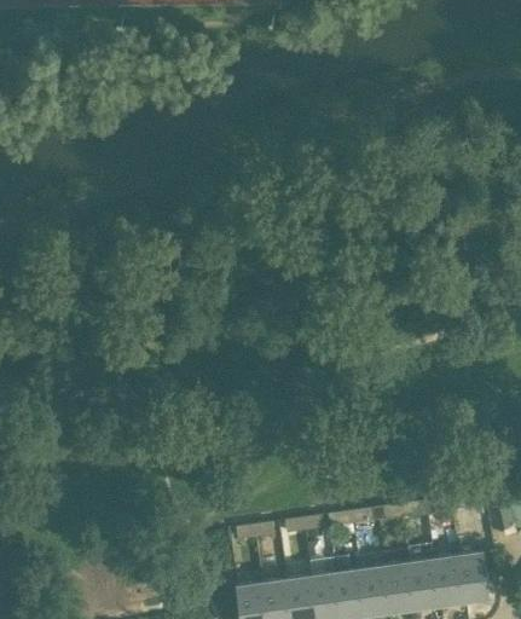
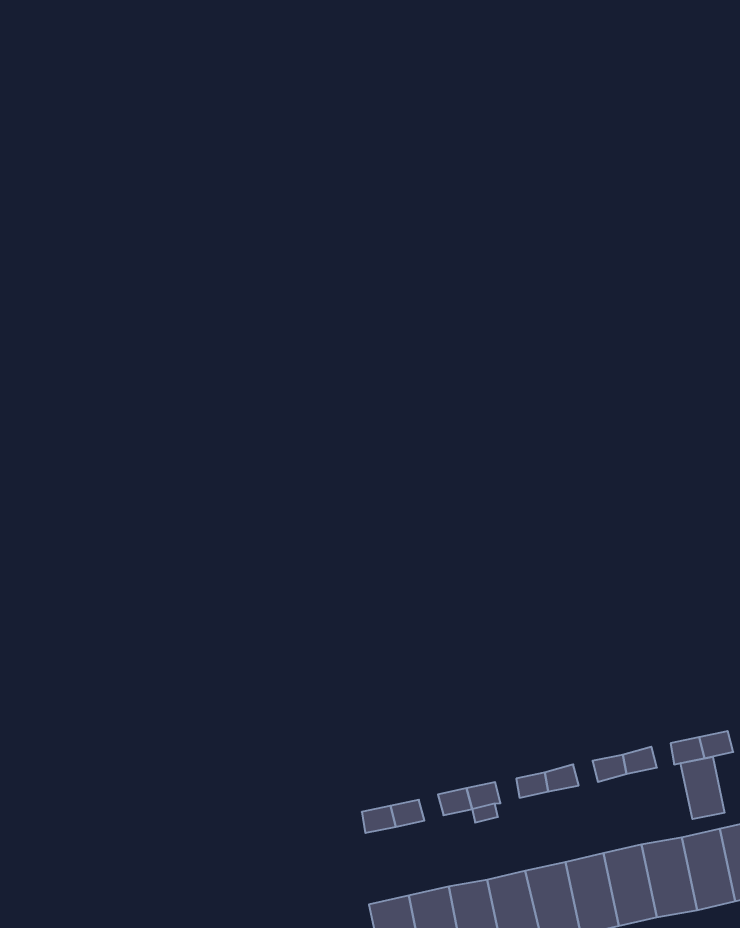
building: none -> [681,757,725,819]

